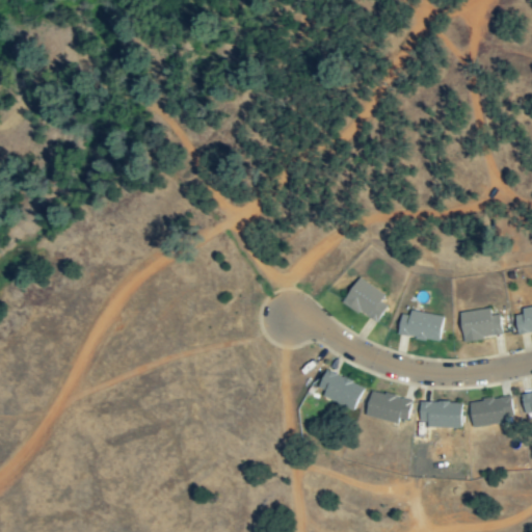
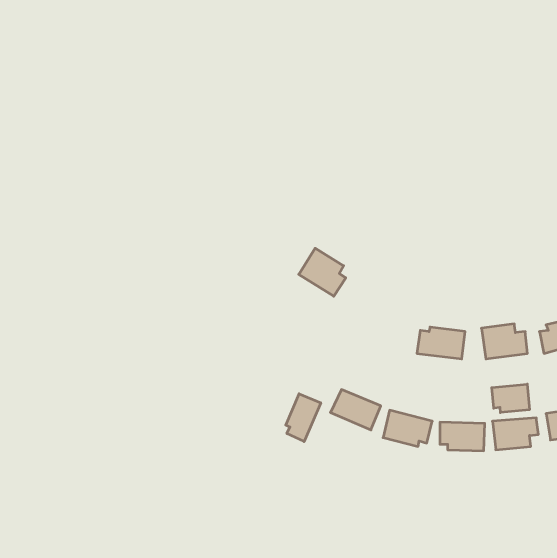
building: [343,277,388,323] -> [299,248,346,296]
building: none -> [492,384,529,413]
building: none -> [286,394,321,442]

